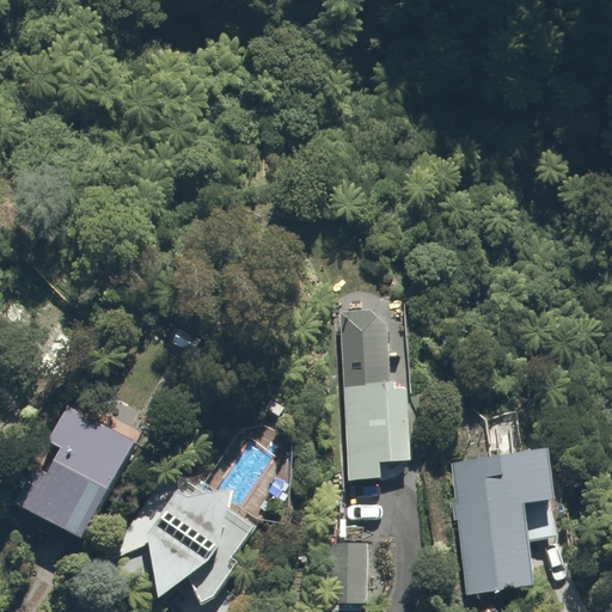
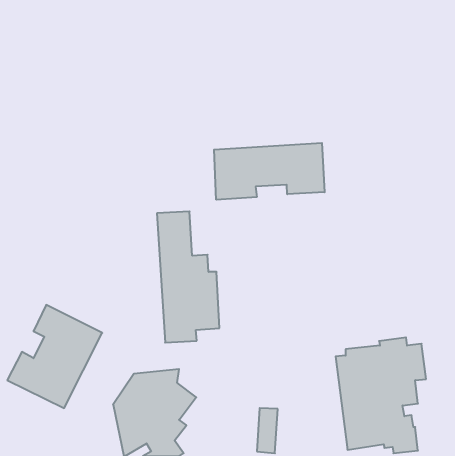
building: none -> [214,143,325,200]
building: [329,302,411,476] -> [157,211,219,343]

